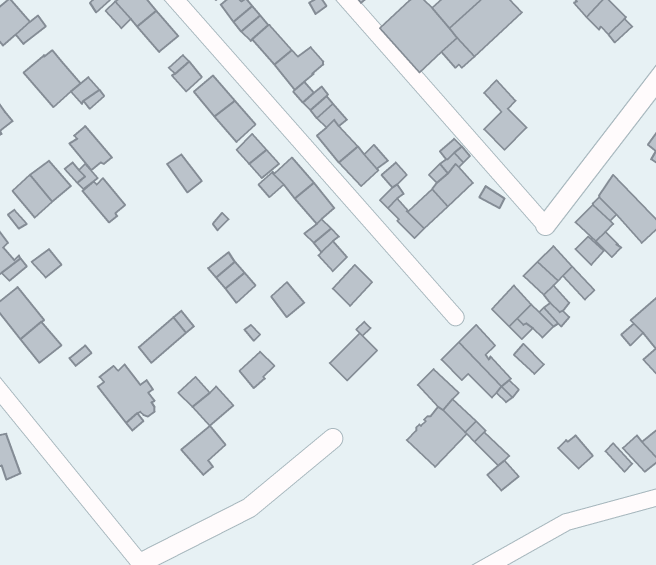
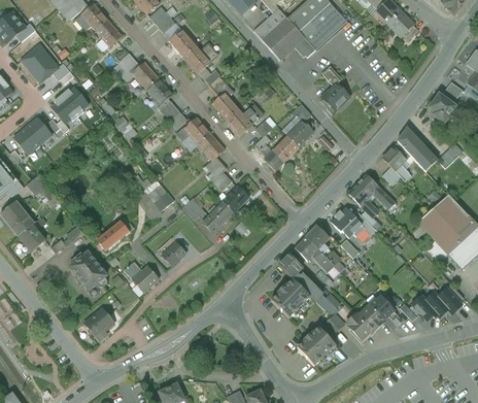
building: [82,178,125,222] -> [61,88,89,116]
building: [330,333,377,380] -> [203,202,234,233]
building: [181,426,225,475] -> [83,308,112,340]
building: none -> [346,306,383,340]
building: none -> [297,328,336,366]

